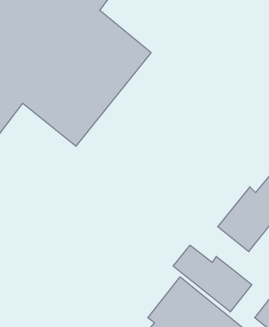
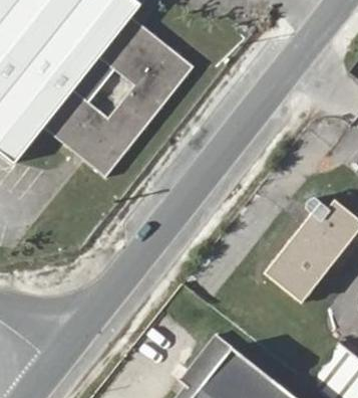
building: [173,245,252,312] -> none

